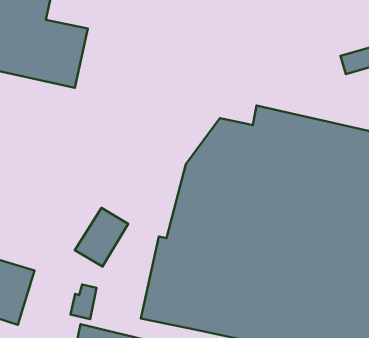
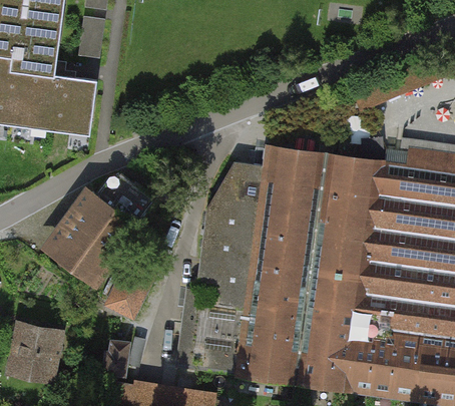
building: none -> [40,187,141,291]

